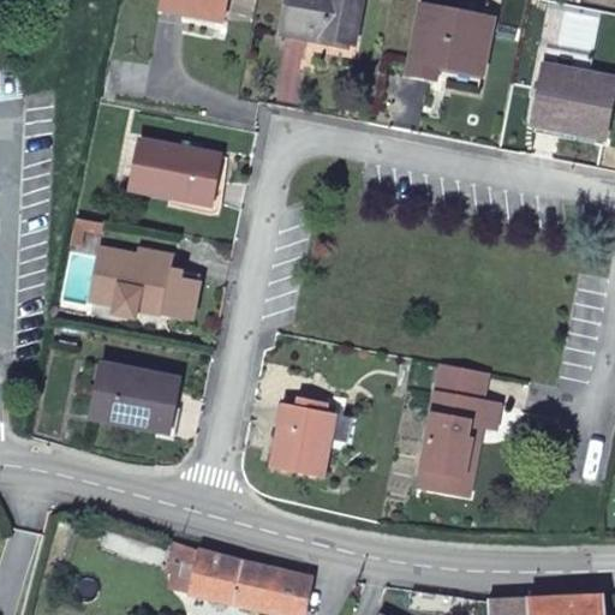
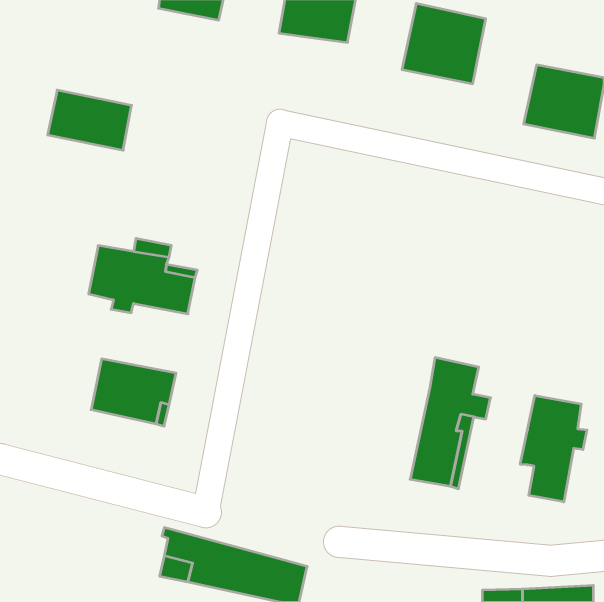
building: [133,142,219,203] -> [48,90,132,150]
building: none -> [520,395,587,502]
building: [273,404,353,478] -> none

